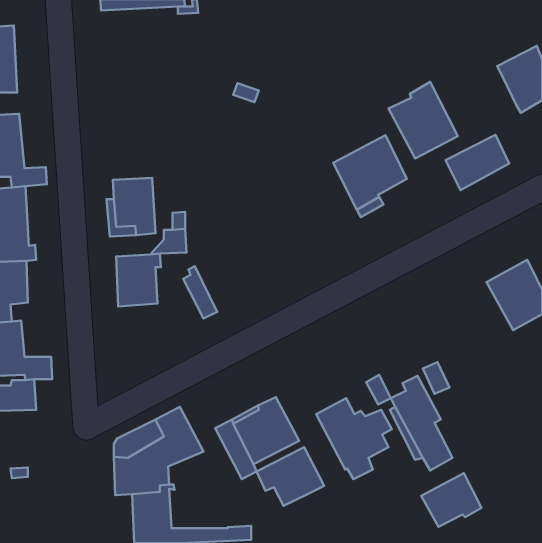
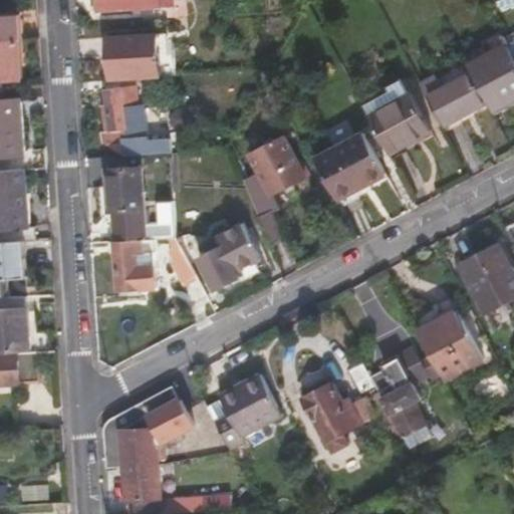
building: none -> [107,38,159,82]
building: none -> [99,94,171,157]
building: [445,135,509,190] -> [427,72,487,124]
building: none -> [249,135,306,240]
building: none -> [199,221,261,290]
building: none -> [415,309,481,379]
building: [257,447,324,506] -> none
building: [421,473,481,527] -> none

